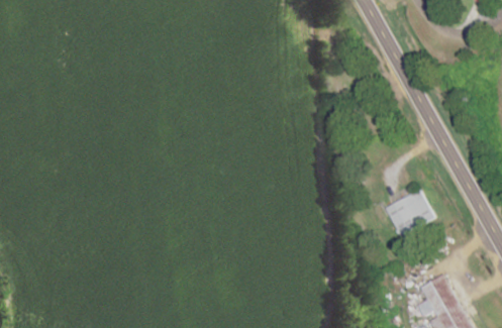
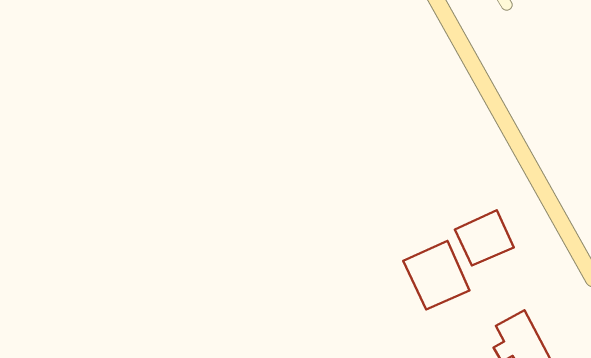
building: none -> [403,241,470,310]

